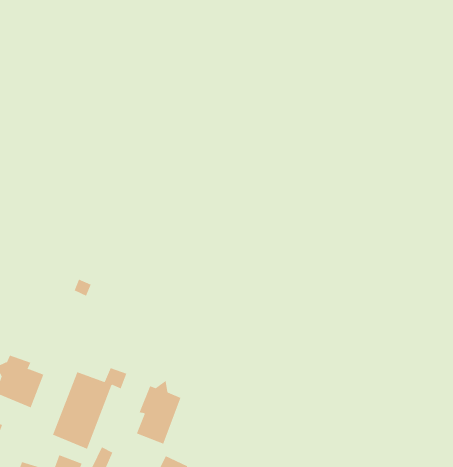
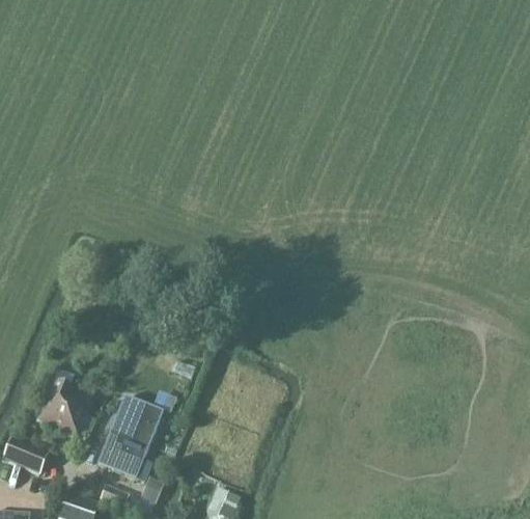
building: [136,380,181,445] -> none

